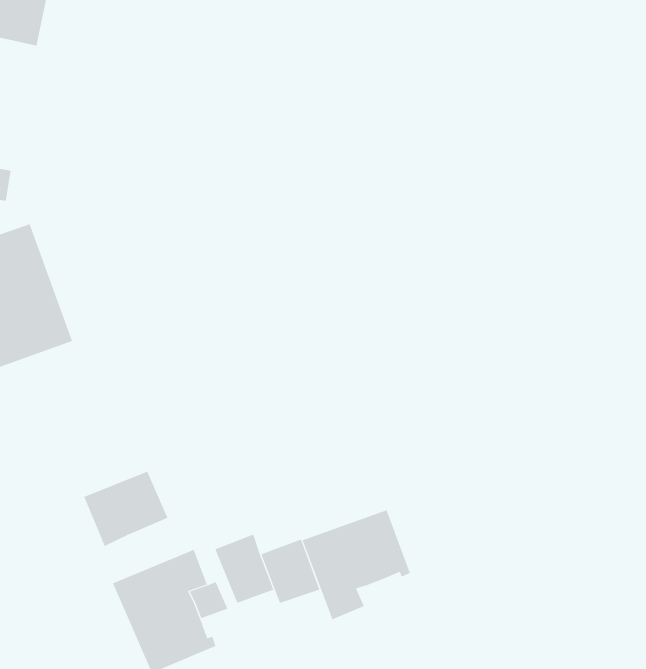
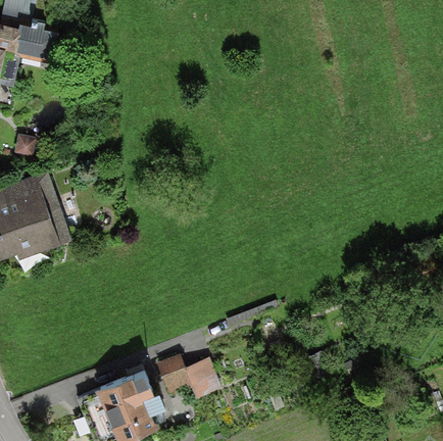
building: [83,471,168,547] -> none
building: [302,510,411,620] -> none

